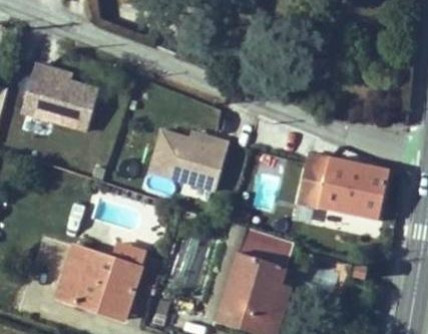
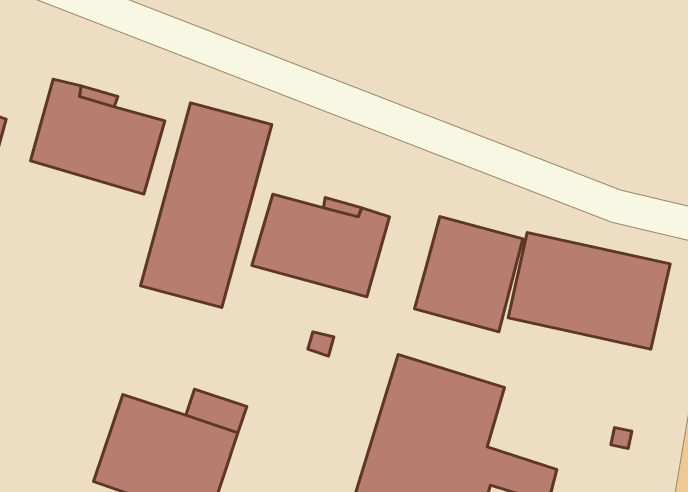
building: none -> [141,103,272,308]
building: none -> [415,216,523,332]

